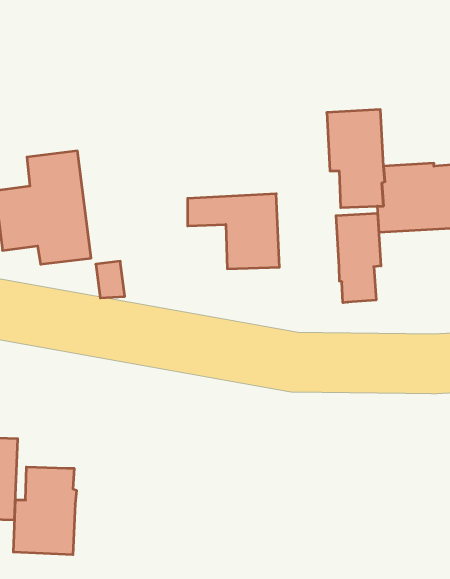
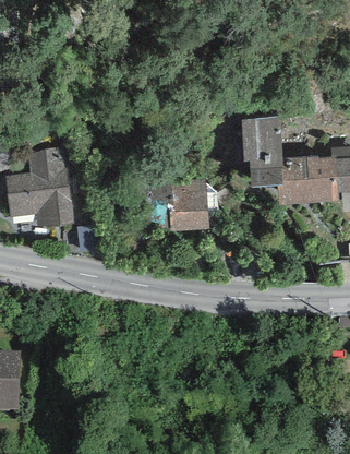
building: [336,213,381,303] -> none
building: [13,467,76,555] -> none

